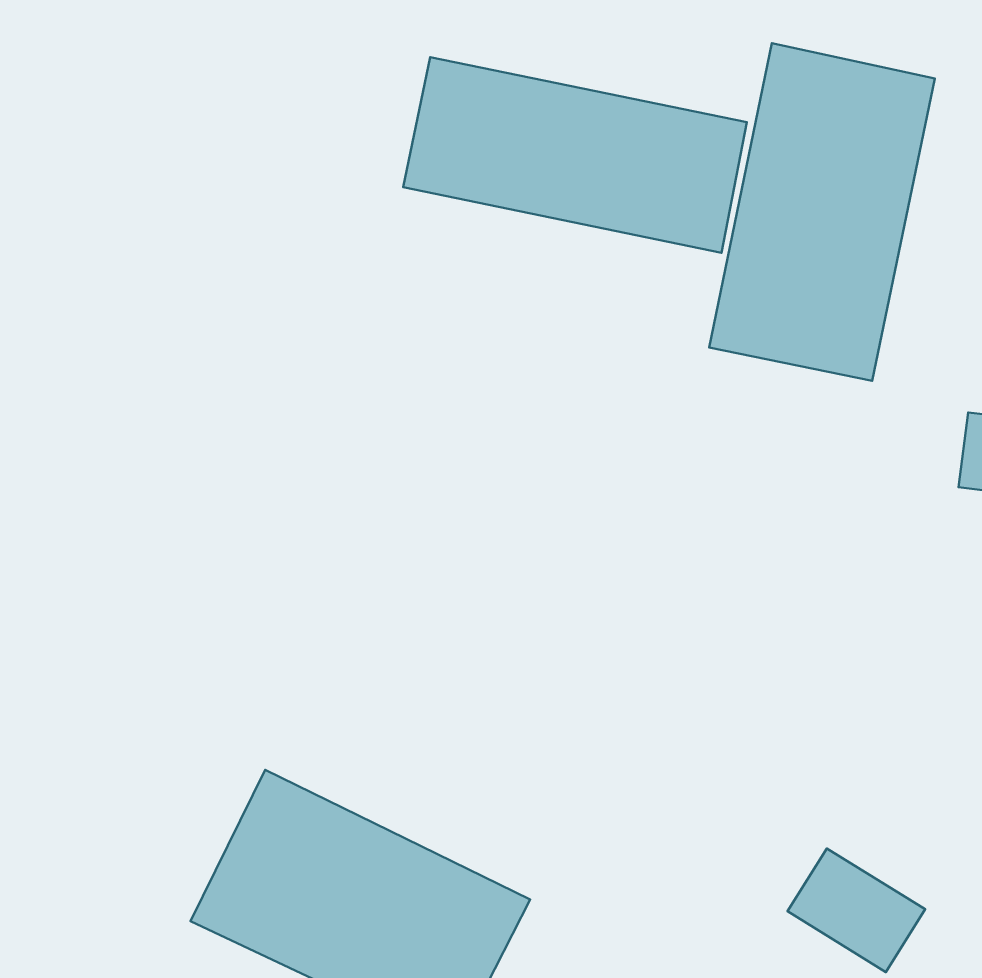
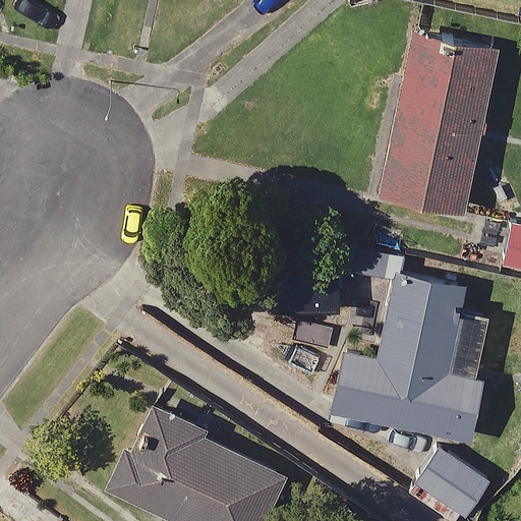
building: [403,57,747,253] -> none
building: none -> [333,280,487,442]

